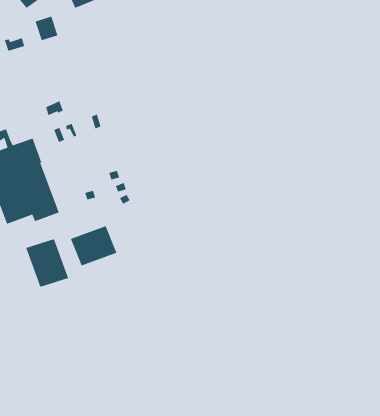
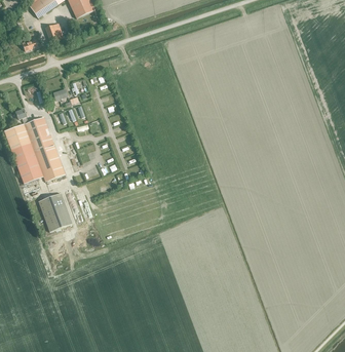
building: [70,225,118,266] -> none

